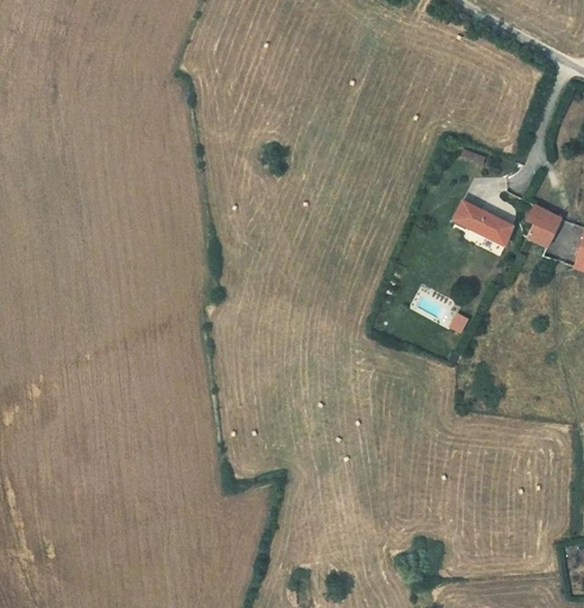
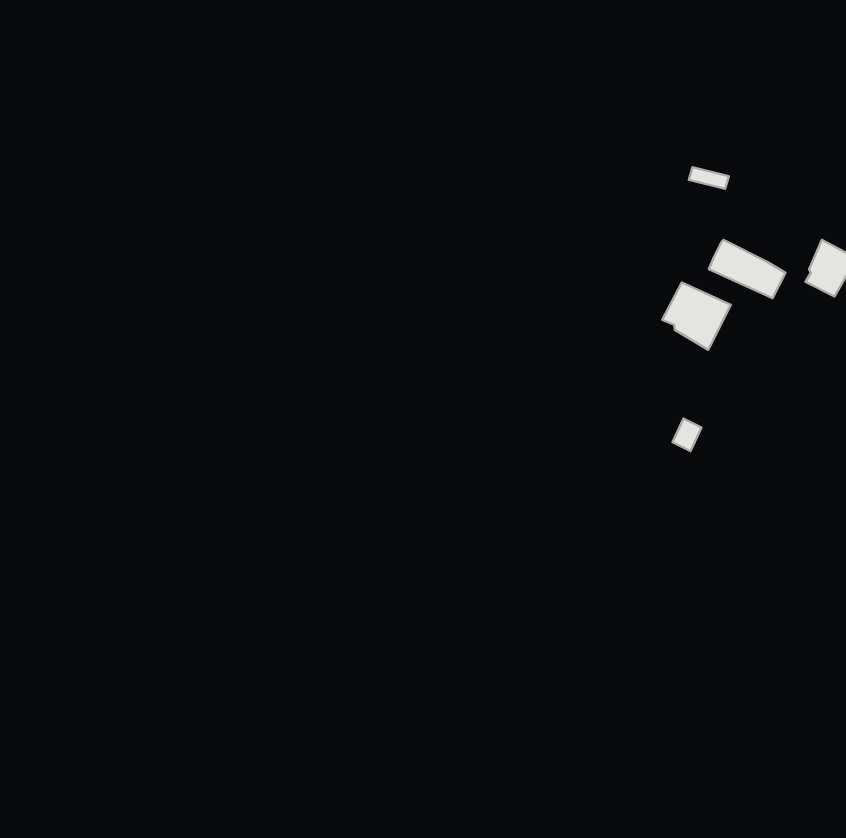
building: none -> [662,282,731,350]

